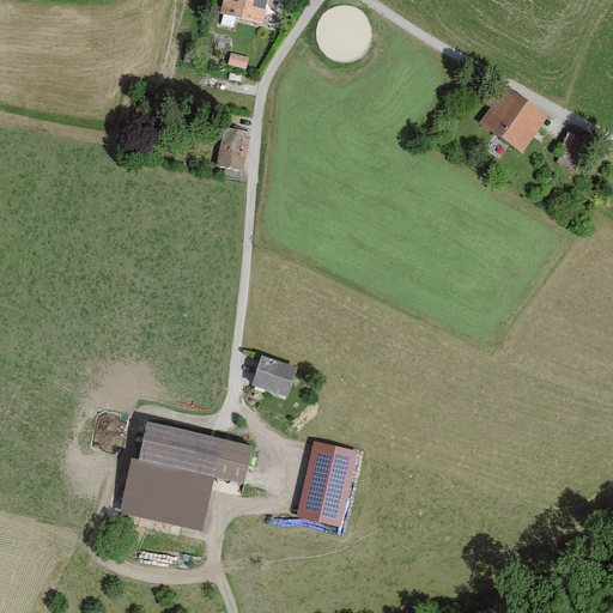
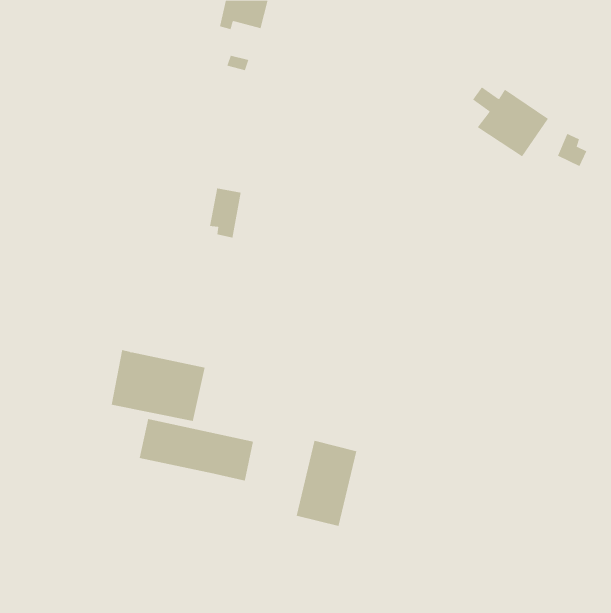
building: [216,131,248,181] -> [209,188,242,238]
building: [253,353,296,394] -> none
building: [119,455,213,527] -> [111,350,205,422]

